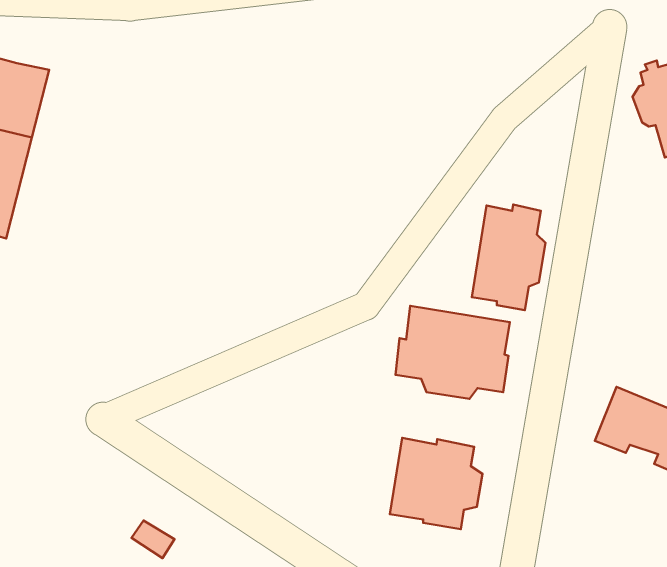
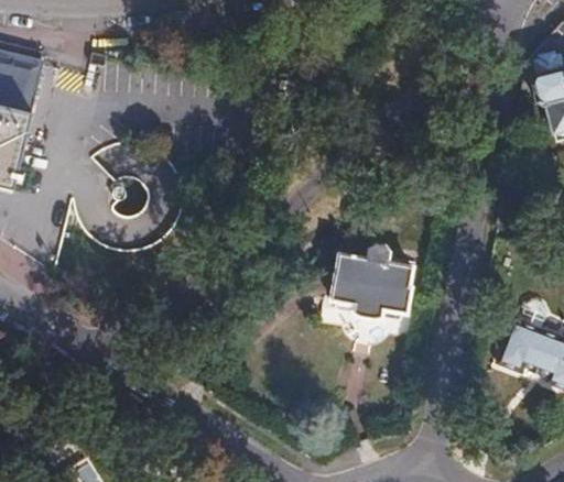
building: [472,205,545,310] -> none
building: [390,438,482,529] -> none

